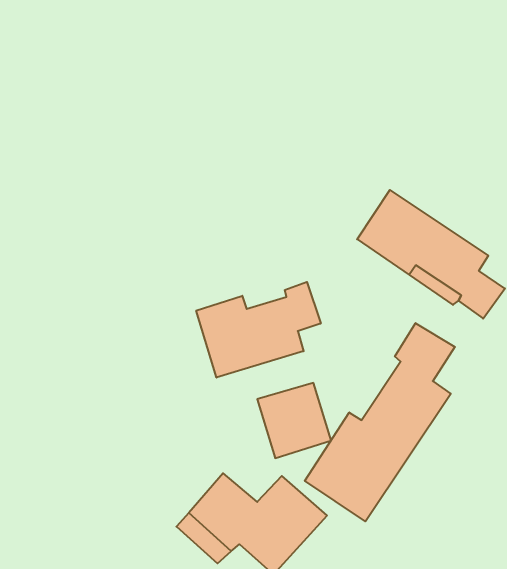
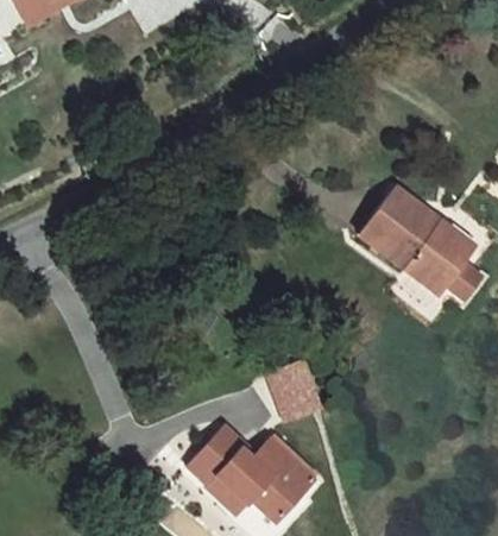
building: [196,282,321,378] -> none
building: [305,323,455,521] -> none

